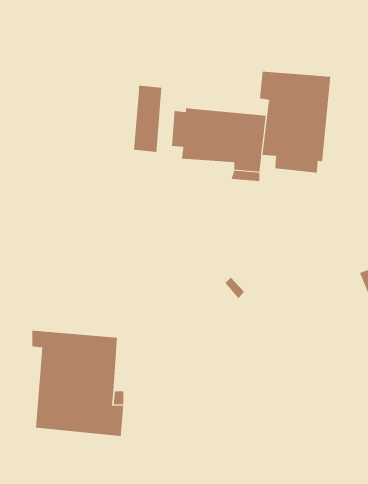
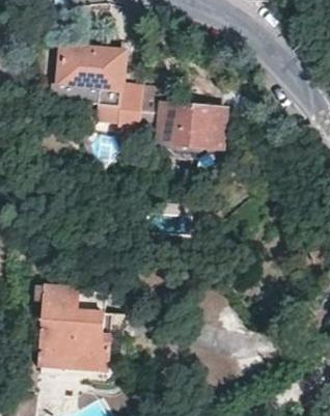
building: none -> [57,46,125,89]
building: [260,71,331,174] -> none

